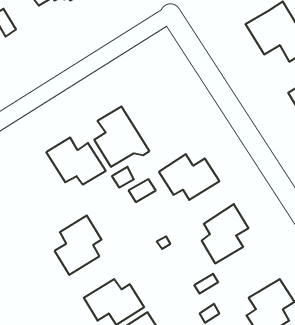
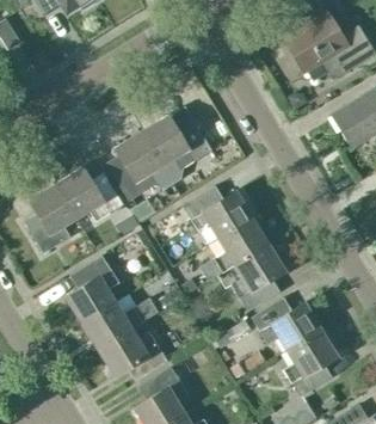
building: none -> [141,110,212,182]
building: none -> [24,183,76,253]
building: none -> [201,216,270,281]
building: none -> [251,296,322,350]
building: none -> [81,299,158,350]

